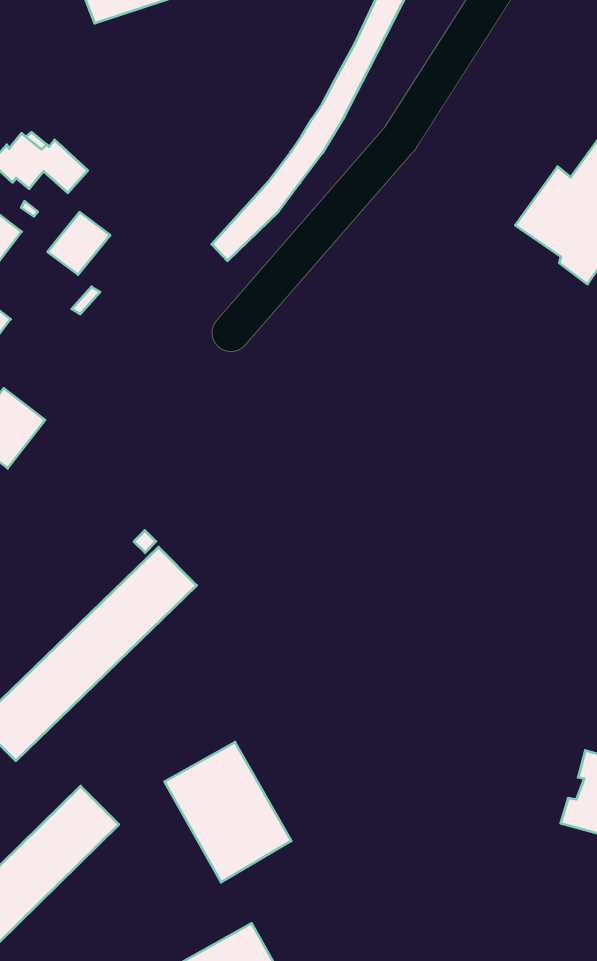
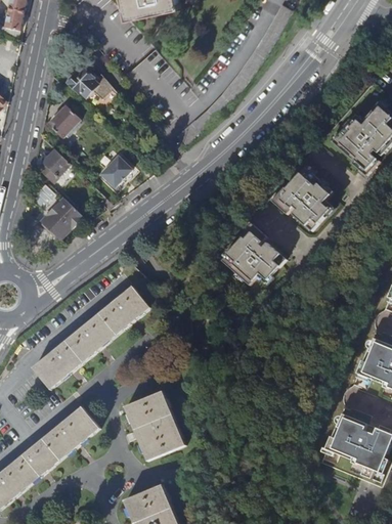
building: [48,212,110,275] -> [100,157,133,188]
building: none -> [271,168,333,230]
building: none -> [225,223,286,286]

